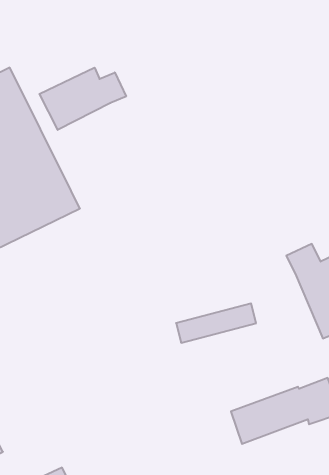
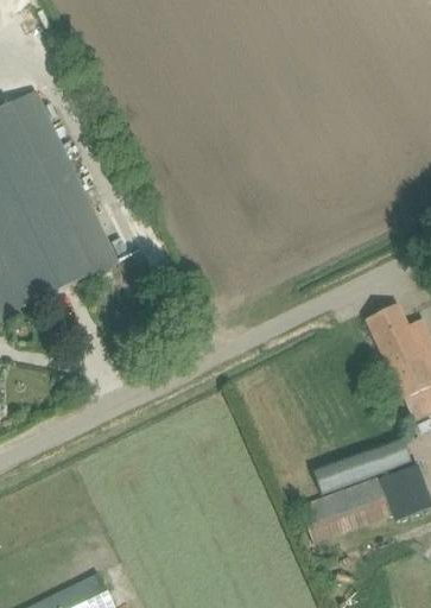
building: [39,68,126,130] -> none
building: [176,303,256,343] -> [310,441,406,488]

